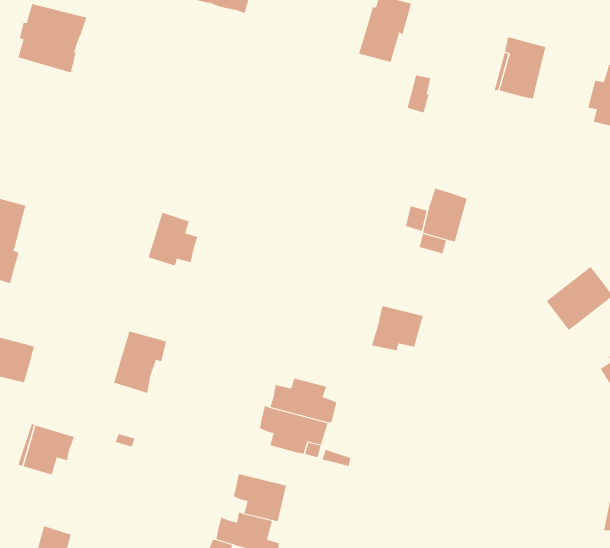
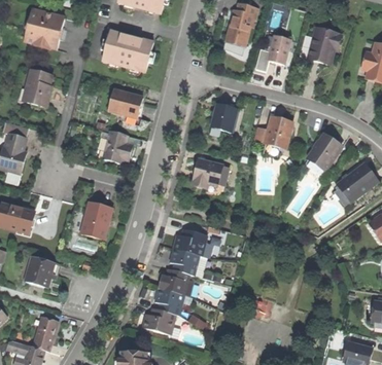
building: none -> [102,30,153,72]
building: none -> [268,35,290,65]
building: none -> [26,68,53,105]
building: none -> [108,89,143,118]
building: none -> [210,104,237,133]
building: none -> [307,134,342,171]
building: [371,306,423,351] -> [192,159,222,186]
building: none -> [155,267,189,292]

